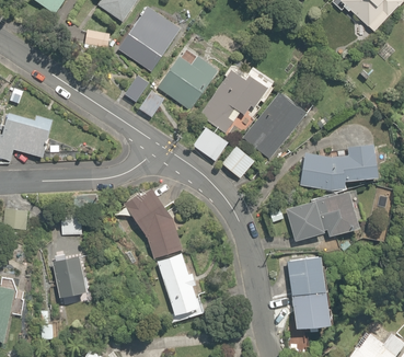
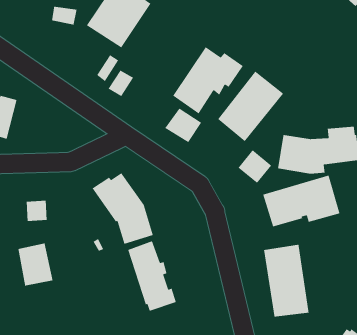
building: [157,49,218,110] -> none
building: [221,145,254,177] -> [237,149,272,184]

